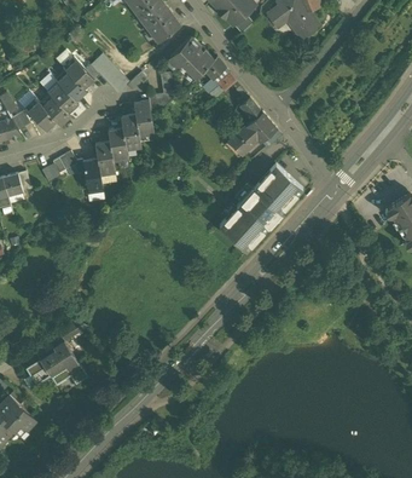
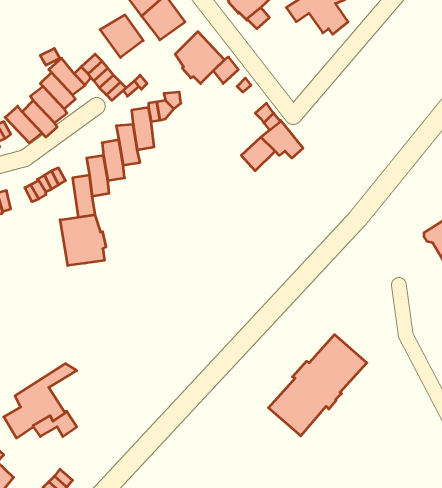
building: none -> [100,15,143,58]
building: [217,165,302,252] -> [268,335,367,436]
building: none -> [60,215,106,266]

